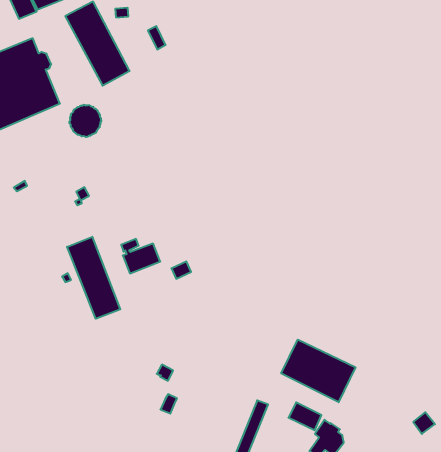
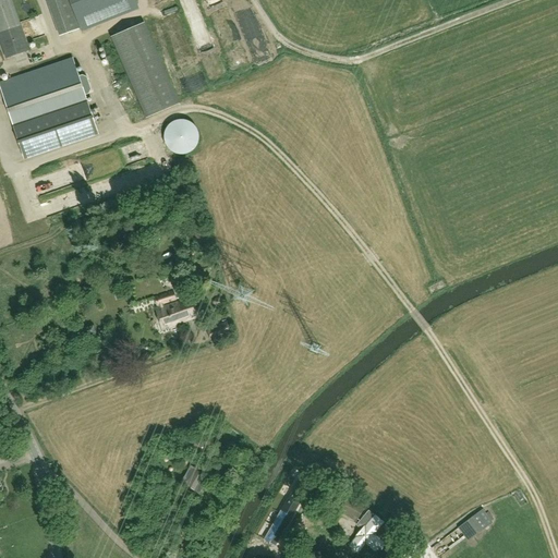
building: [69,105,101,137] -> [162,117,198,153]
building: [67,237,120,319] -> none
building: [281,340,355,402] -> none

